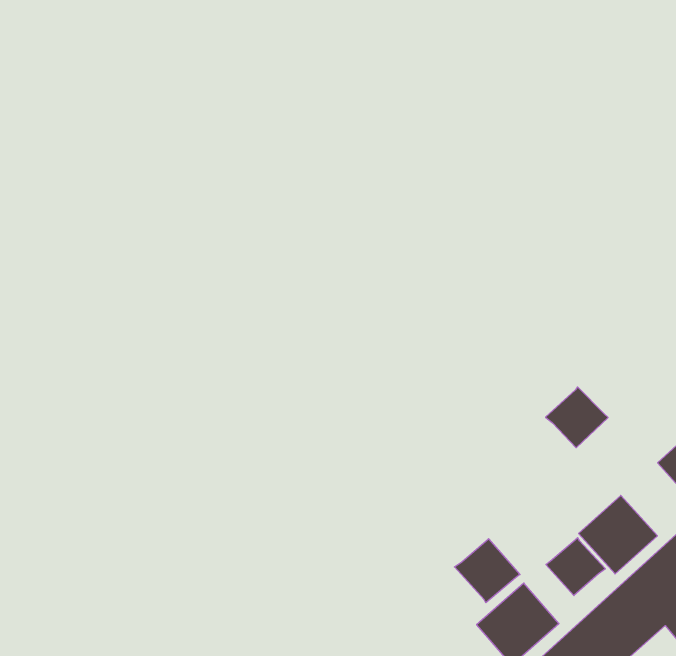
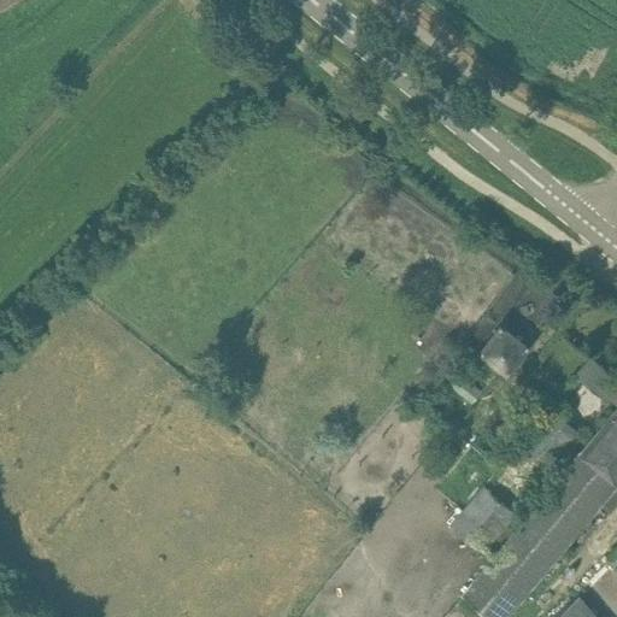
building: [546,538,605,596] -> none
building: [454,539,520,603] -> none

